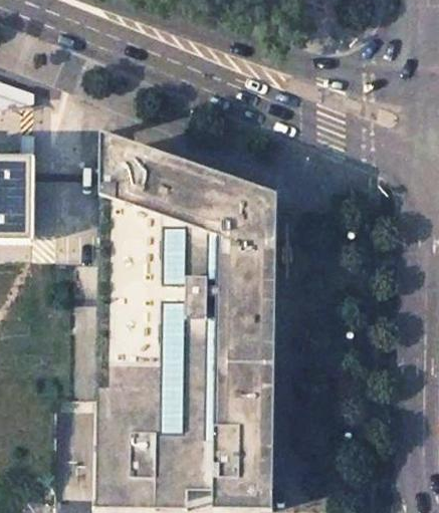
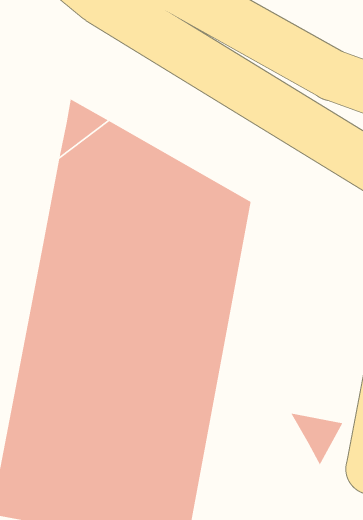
building: none -> [290,413,344,466]

